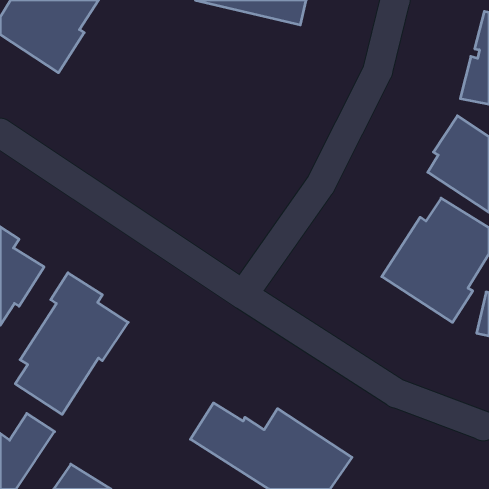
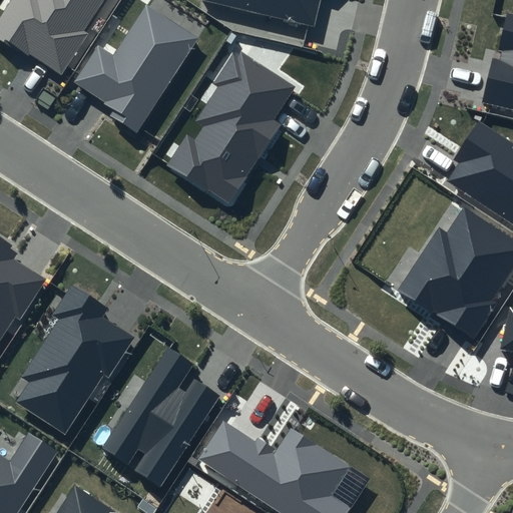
building: none -> [73,5,197,132]
building: none -> [168,53,294,203]
building: none -> [102,348,220,488]

